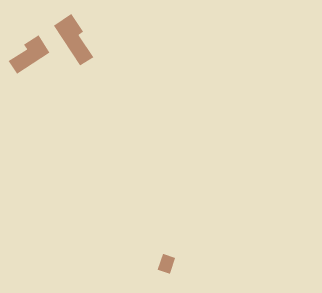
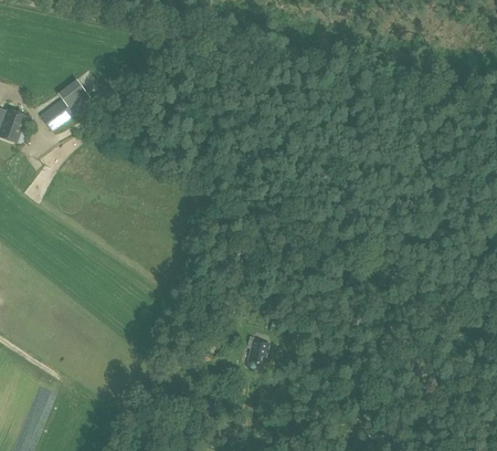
building: [53,13,94,67] -> none

